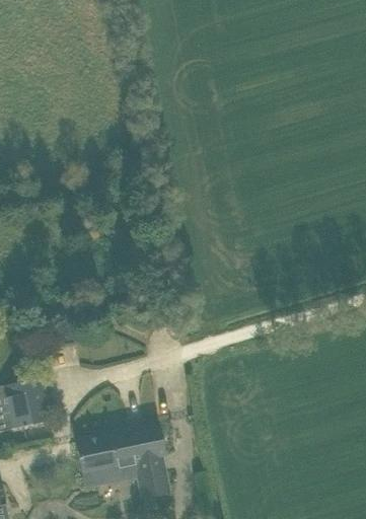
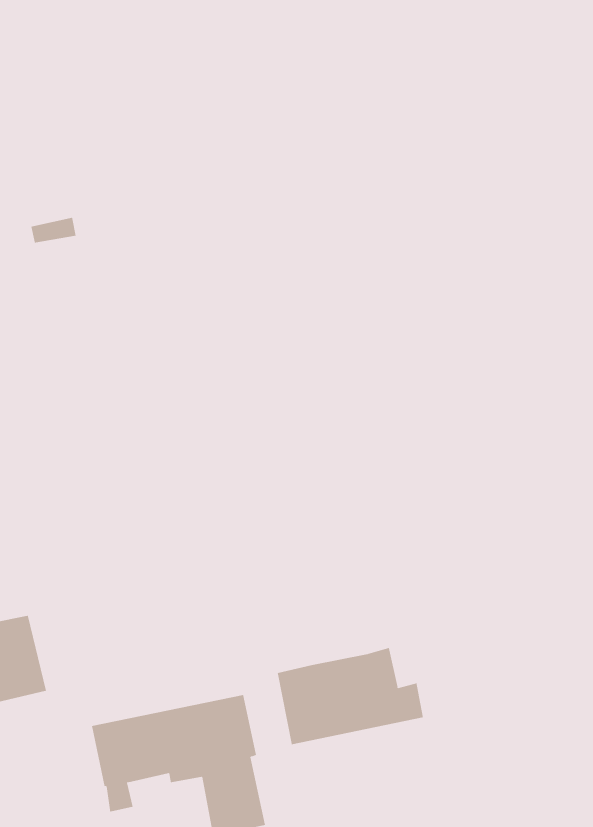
building: none -> [277,647,424,745]

